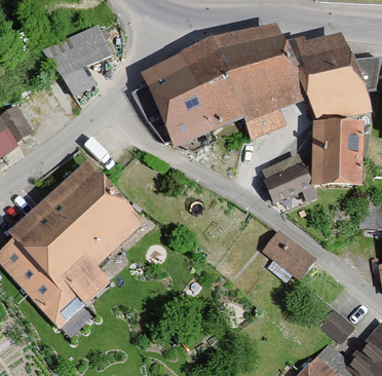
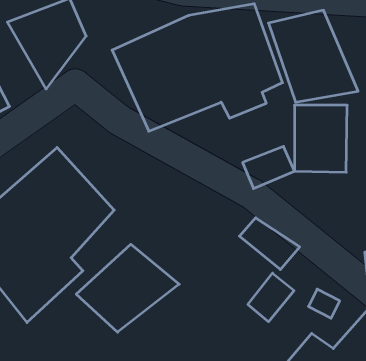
building: none -> [76,244,179,332]
building: none -> [248,273,294,322]

